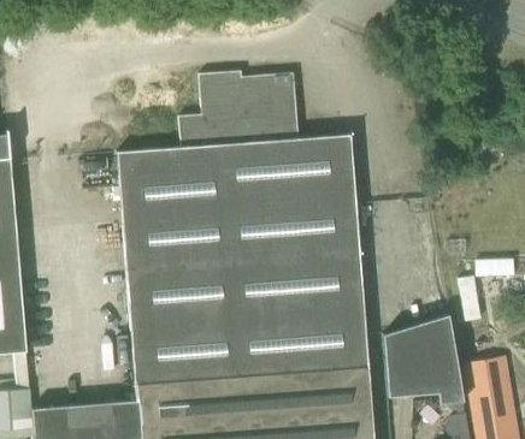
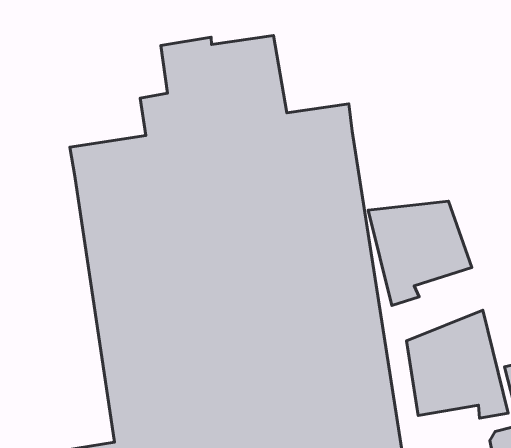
building: none -> [368,201,472,306]

